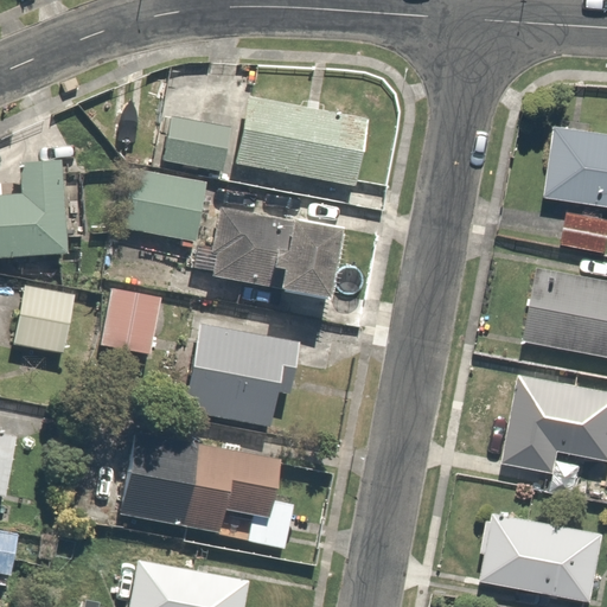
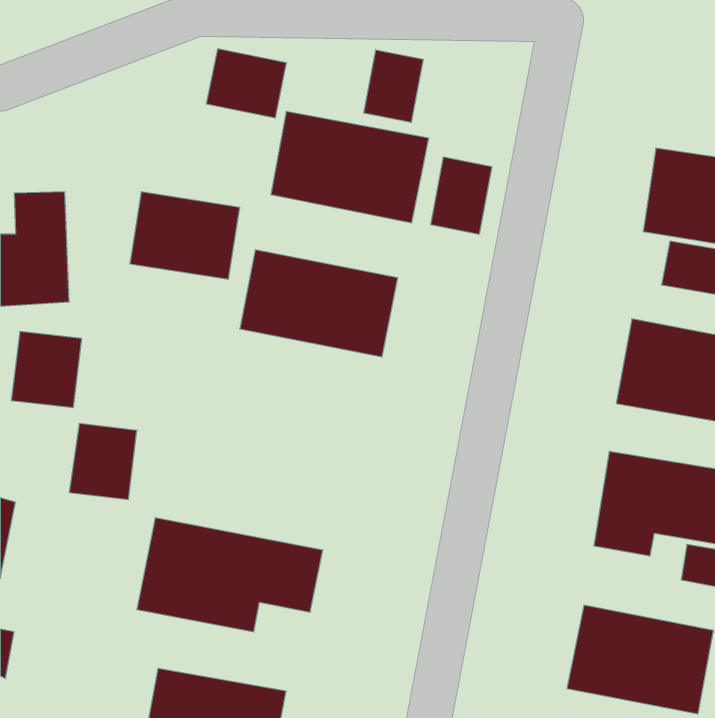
building: none -> [364,50,423,123]
building: [167,114,235,172] -> [206,49,287,118]
building: none -> [431,157,492,234]
building: [102,285,159,349] -> [69,423,137,500]
building: [181,320,298,429] -> none

